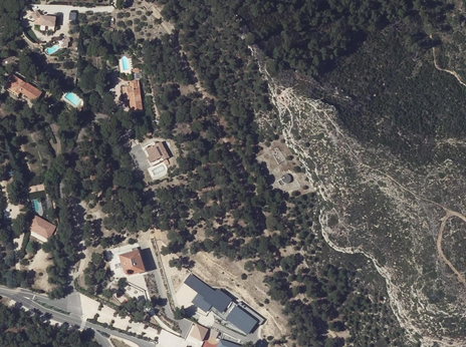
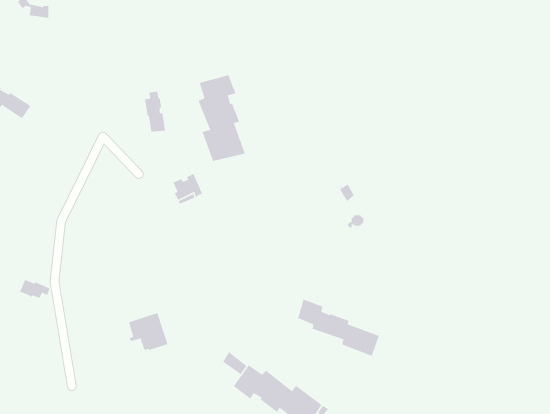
building: none -> [198,74,246,162]
building: none -> [297,299,380,357]

